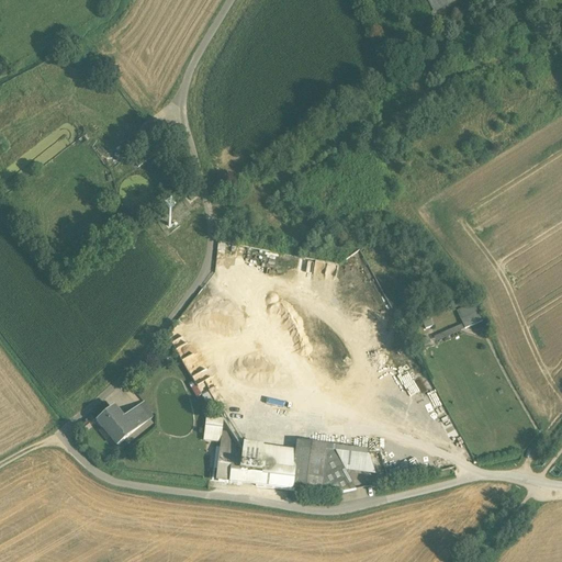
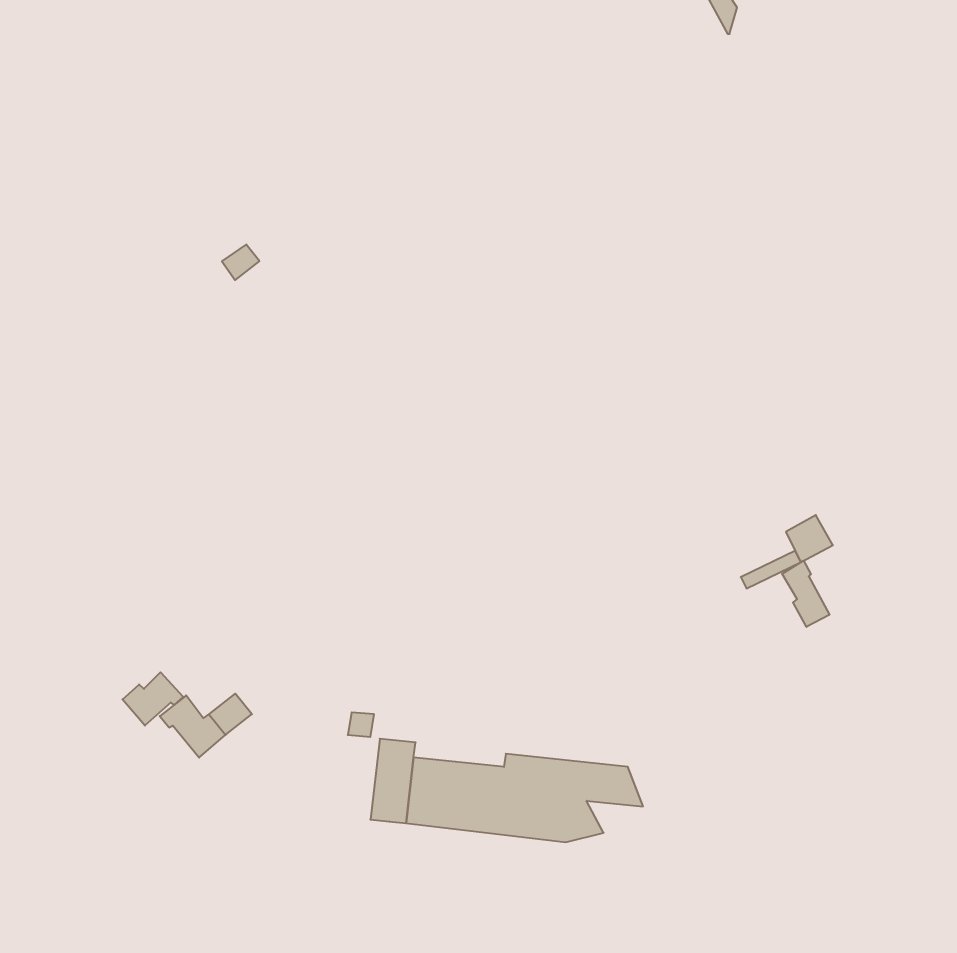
building: none -> [782,561,830,627]
building: none -> [122,672,183,726]

